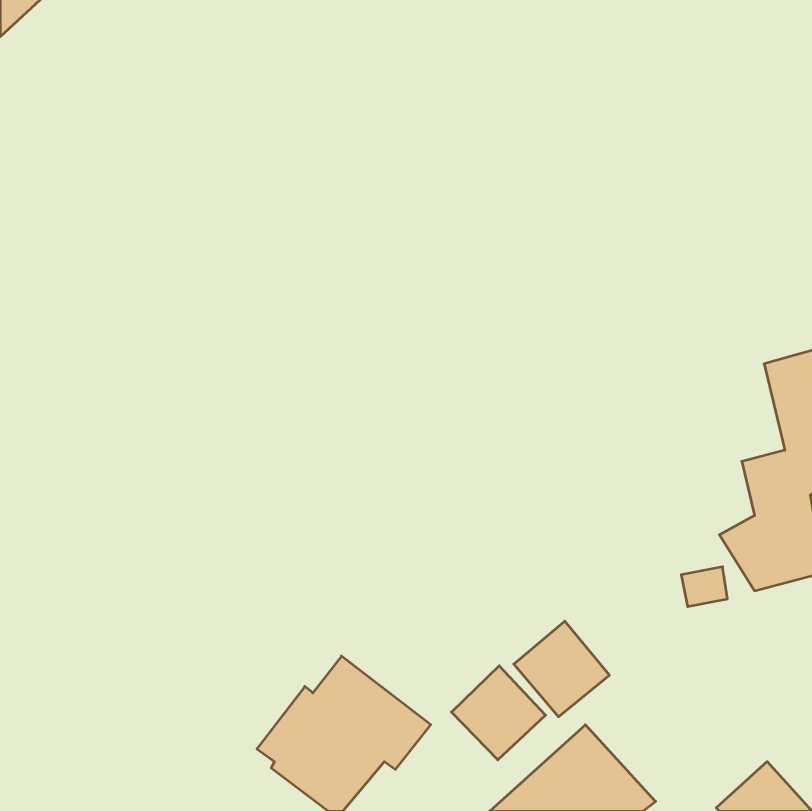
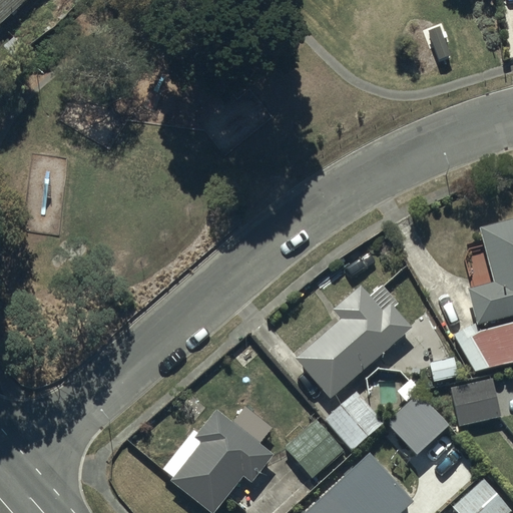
building: none -> [296,287,412,399]
building: none -> [450,378,500,426]
building: none -> [391,395,452,456]

